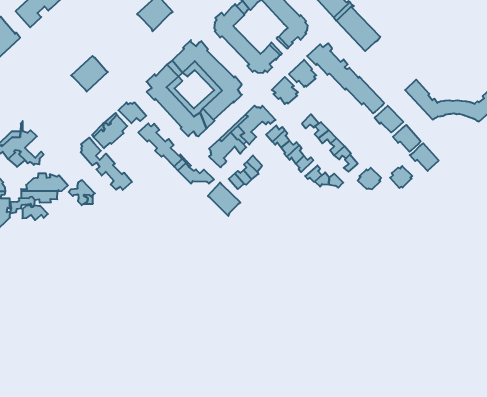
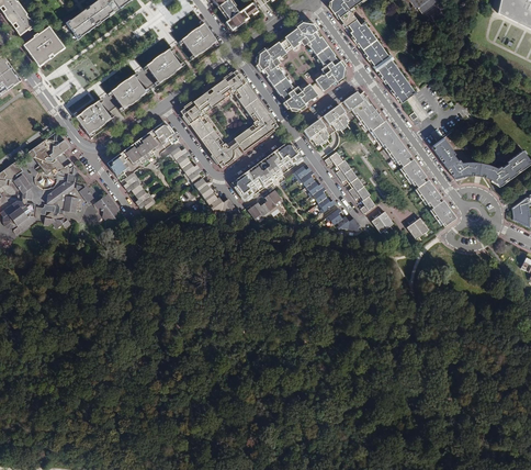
building: none -> [147,47,183,82]
building: none -> [76,99,112,134]
building: [208,182,240,216] -> none

